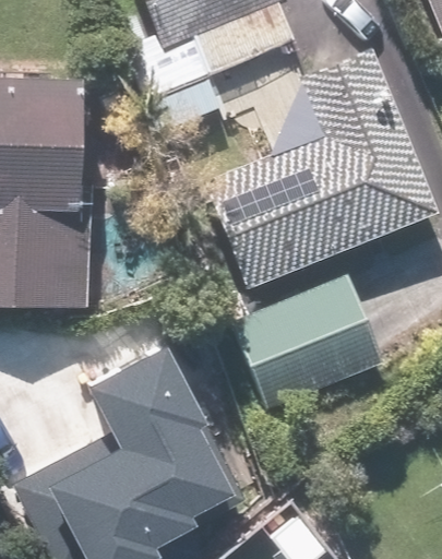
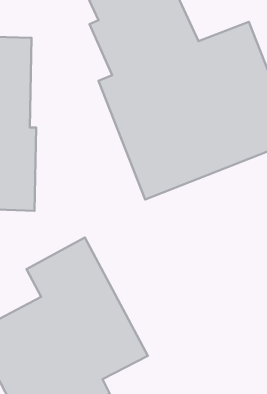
building: [229,273,382,414] -> none

